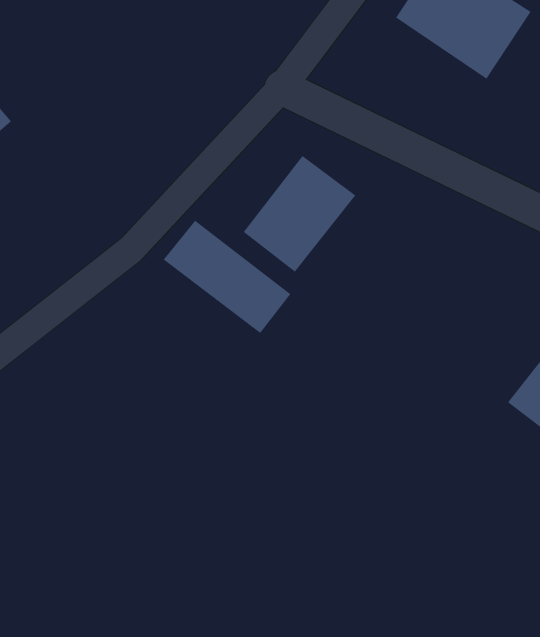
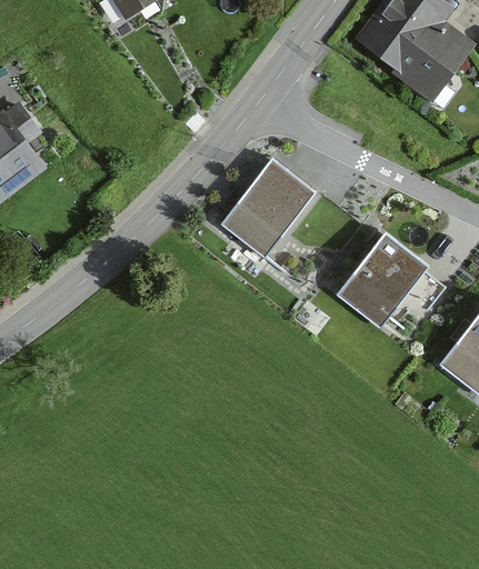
building: [163,220,291,334] -> none
building: none -> [339,234,449,327]

